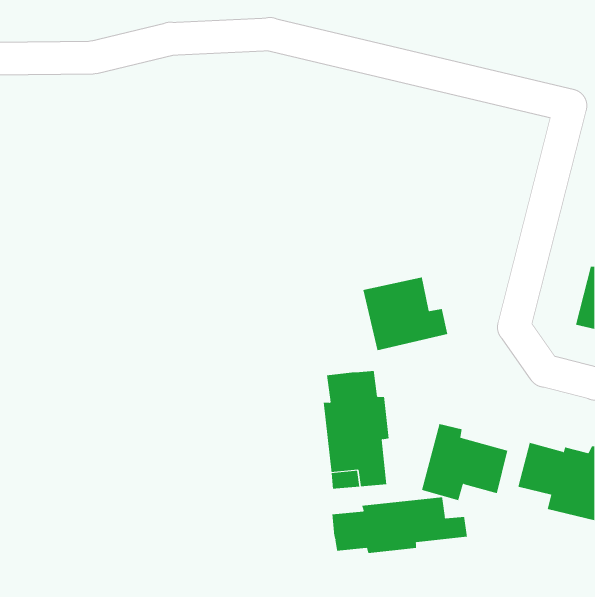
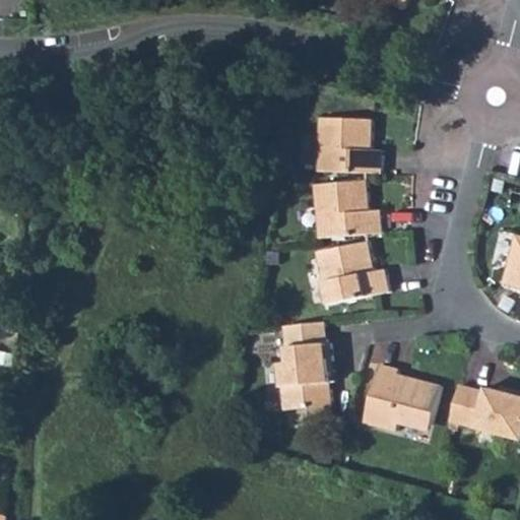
building: none -> [316,117,381,172]
building: none -> [312,179,380,237]
building: [332,497,468,554] -> none

